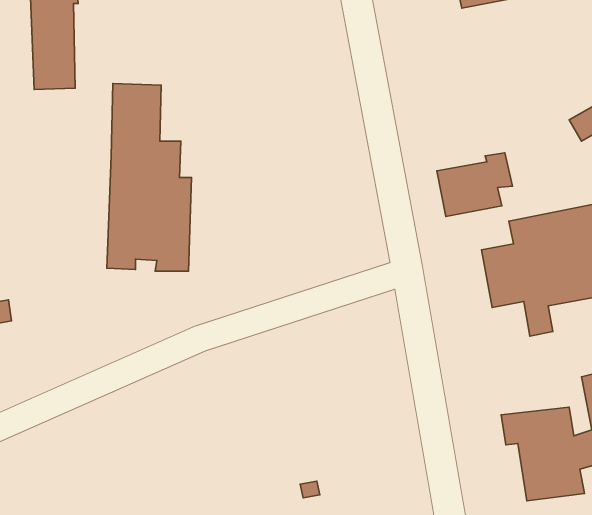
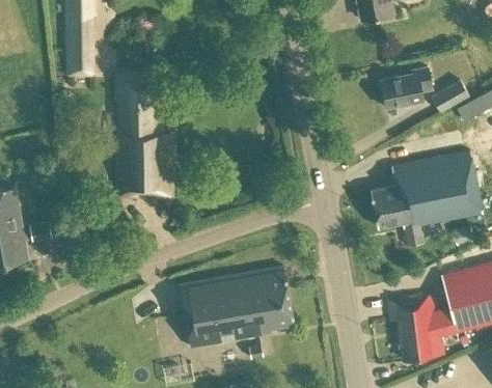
building: [437,153,512,216] -> [383,65,435,109]
building: none -> [182,269,296,351]

